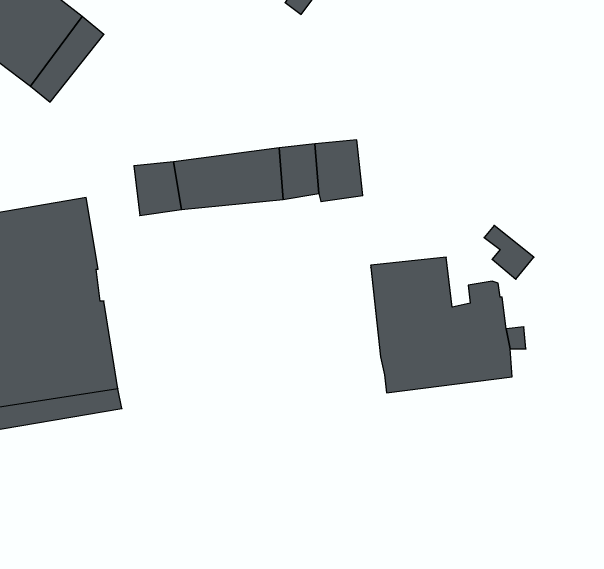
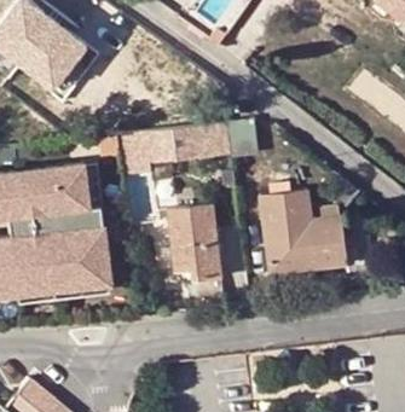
building: none -> [166,202,220,279]

